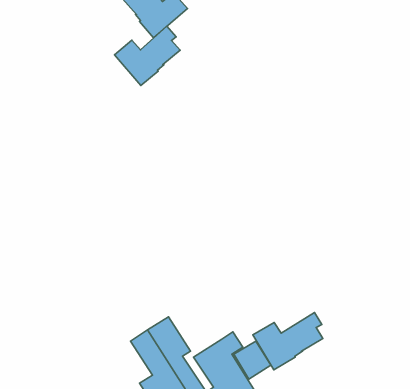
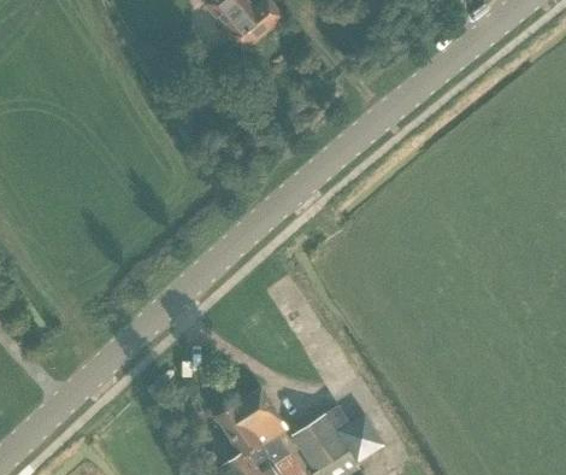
building: [115,26,180,86] -> none
building: [253,312,323,370] -> none

